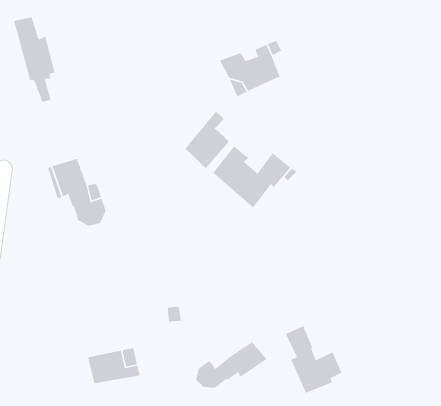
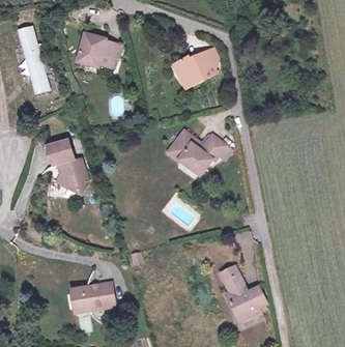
building: none -> [78,32,120,66]
building: [185,111,230,169] -> none
building: [195,341,267,389] -> none

